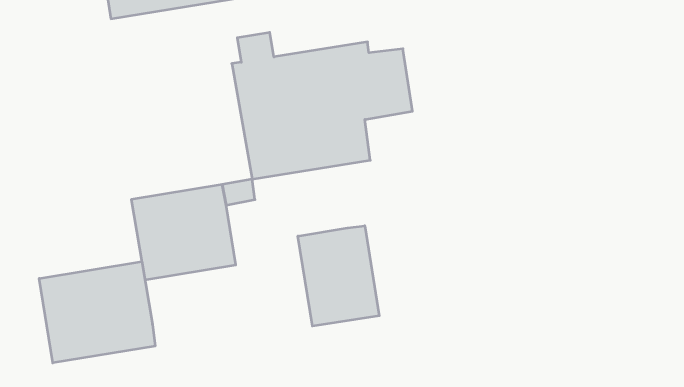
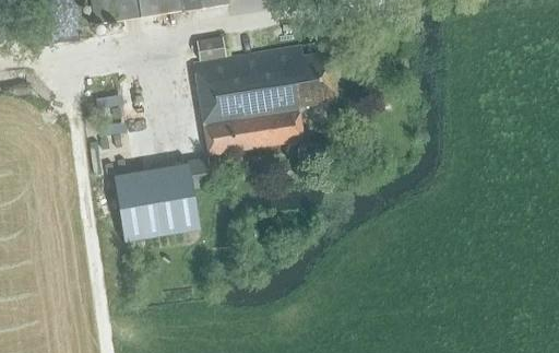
building: [298,226,379,326] -> none
building: [39,262,155,363] -> none

